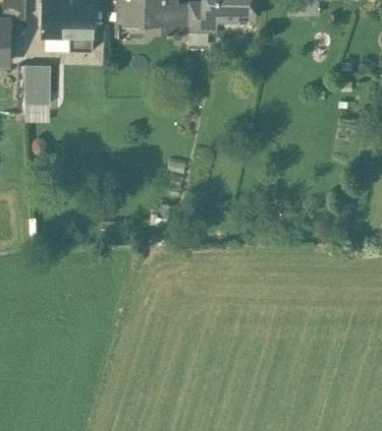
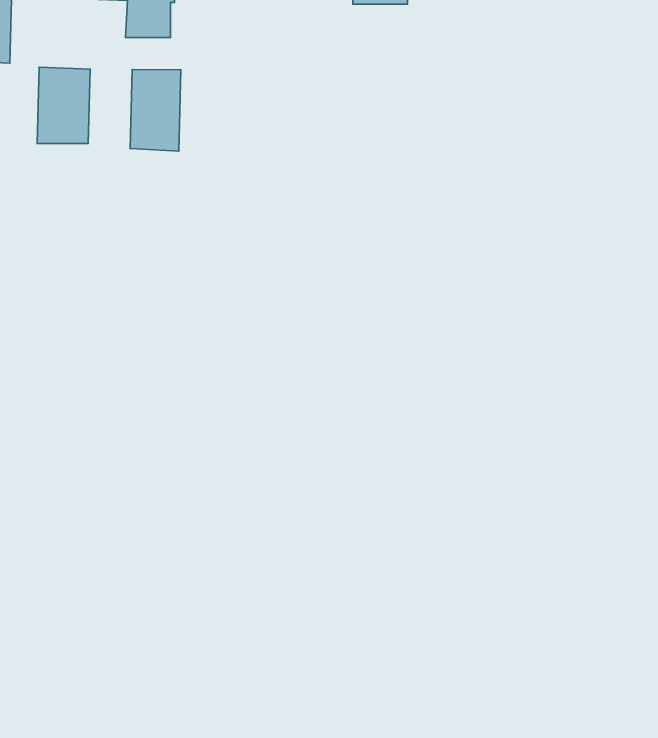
building: none -> [130,69,181,151]

